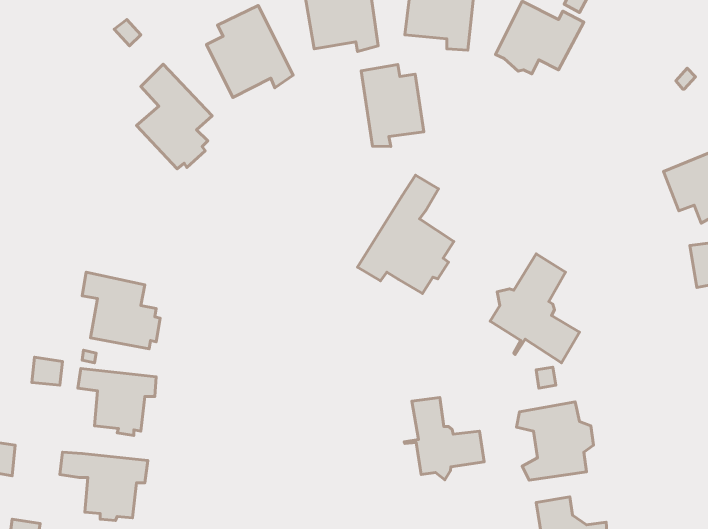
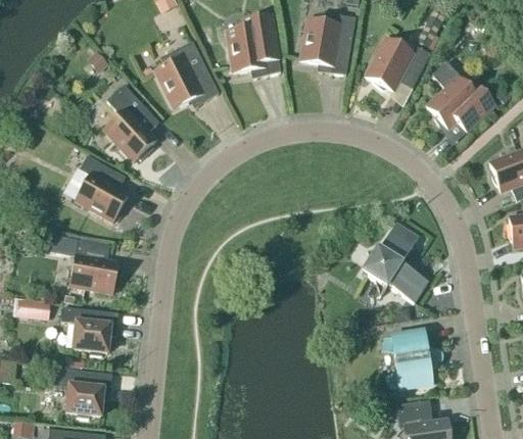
building: none -> [426,61,494,131]
building: [361,65,424,147] -> none
building: none -> [75,154,128,221]
building: [358,175,454,294] -> none
building: [404,398,484,480] -> none

